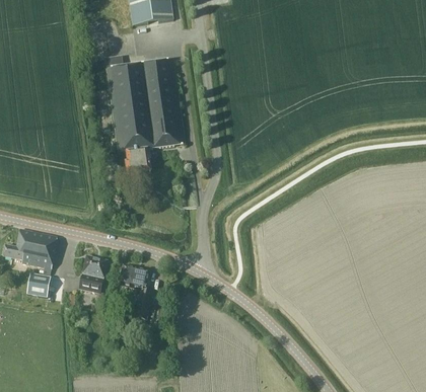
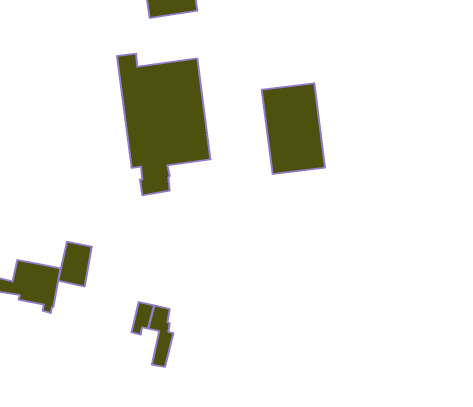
building: none -> [262,83,325,174]
building: [79,255,108,293] -> [58,242,92,286]
building: [26,272,50,297] -> none

